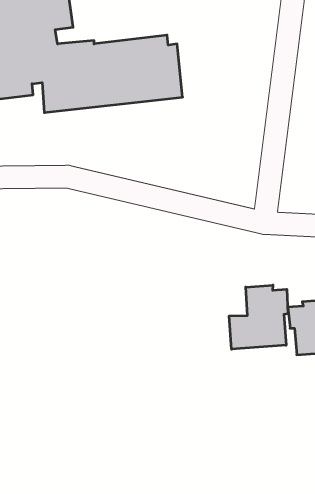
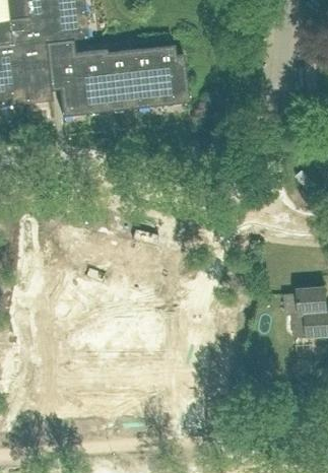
building: [229,285,288,349] -> none

